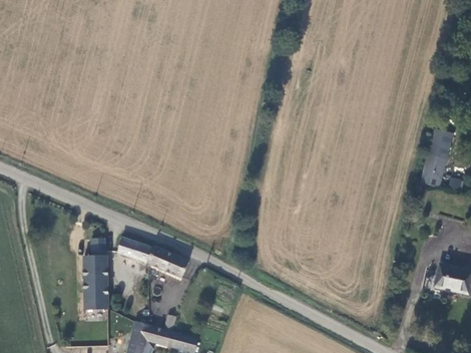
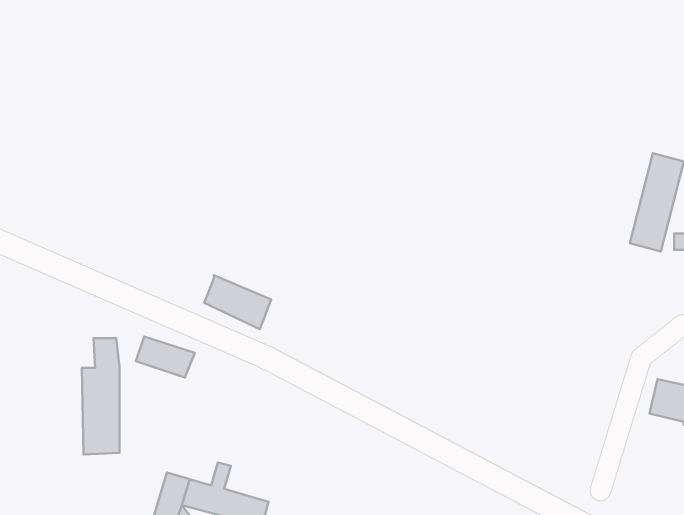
building: [147,247,188,280] -> [204,275,271,329]

